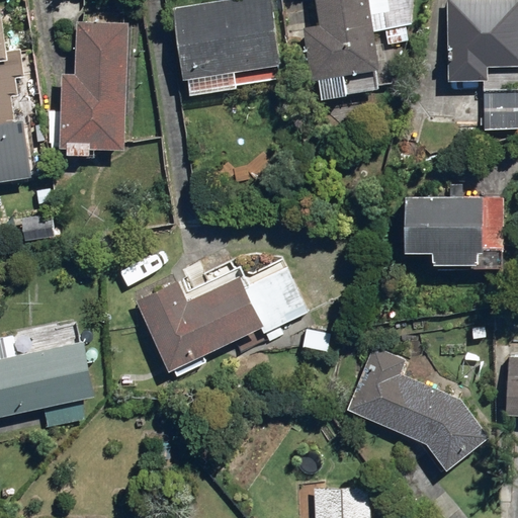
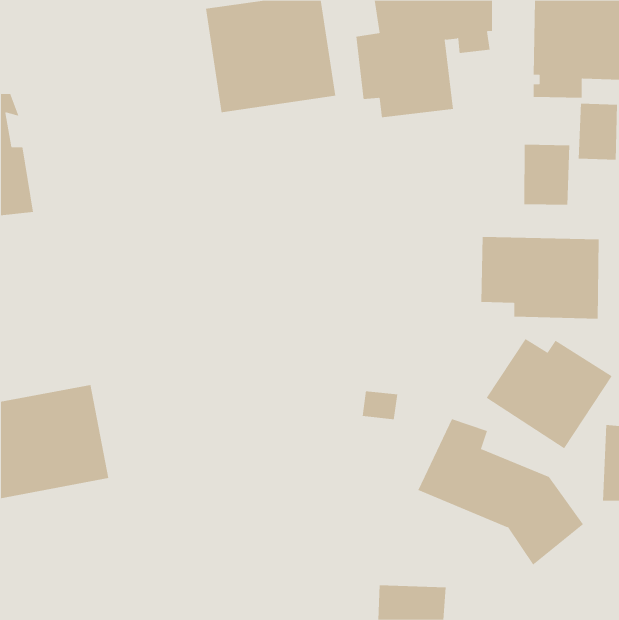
building: [48,21,132,156] -> none
building: none -> [524,144,570,206]
building: [137,264,308,375] -> none
building: none -> [486,338,613,449]

